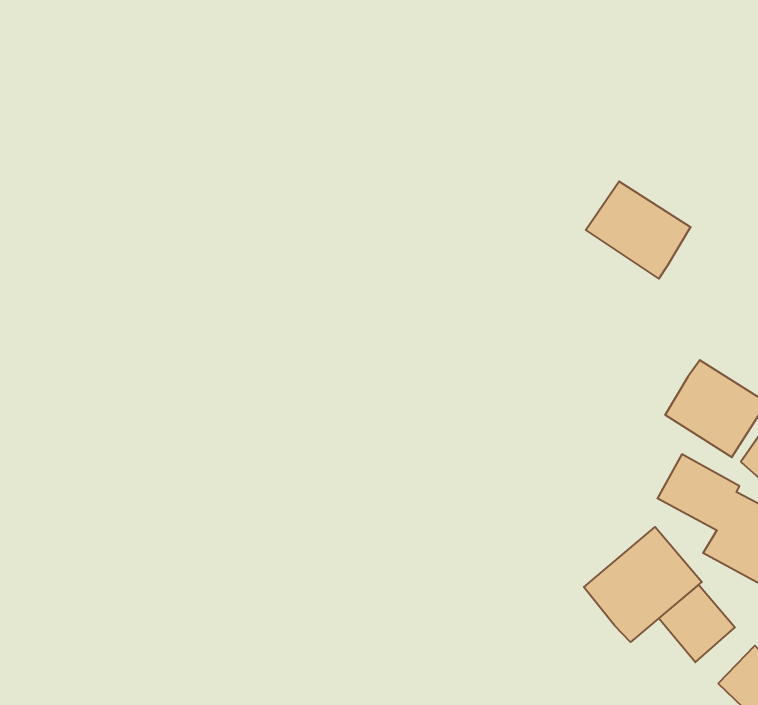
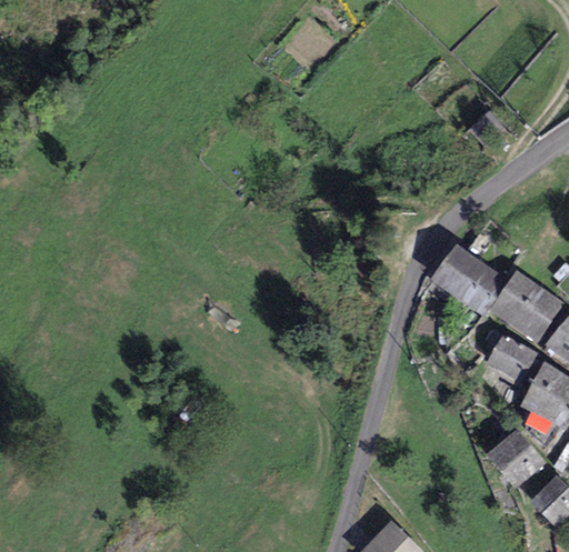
building: [586,181,691,279] -> [430,245,507,317]
building: [584,527,702,642] -> none

